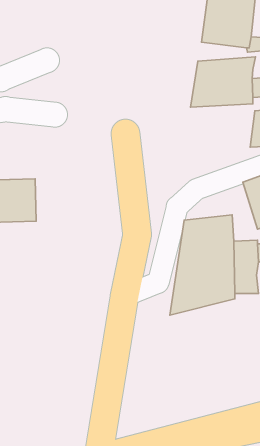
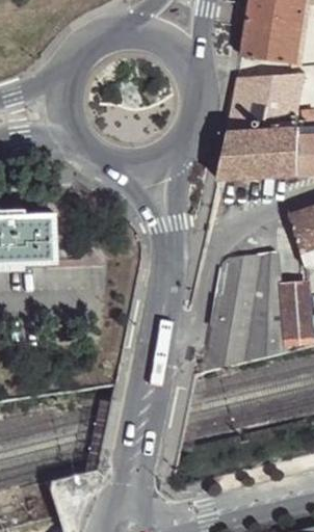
building: none -> [218,126,303,180]

